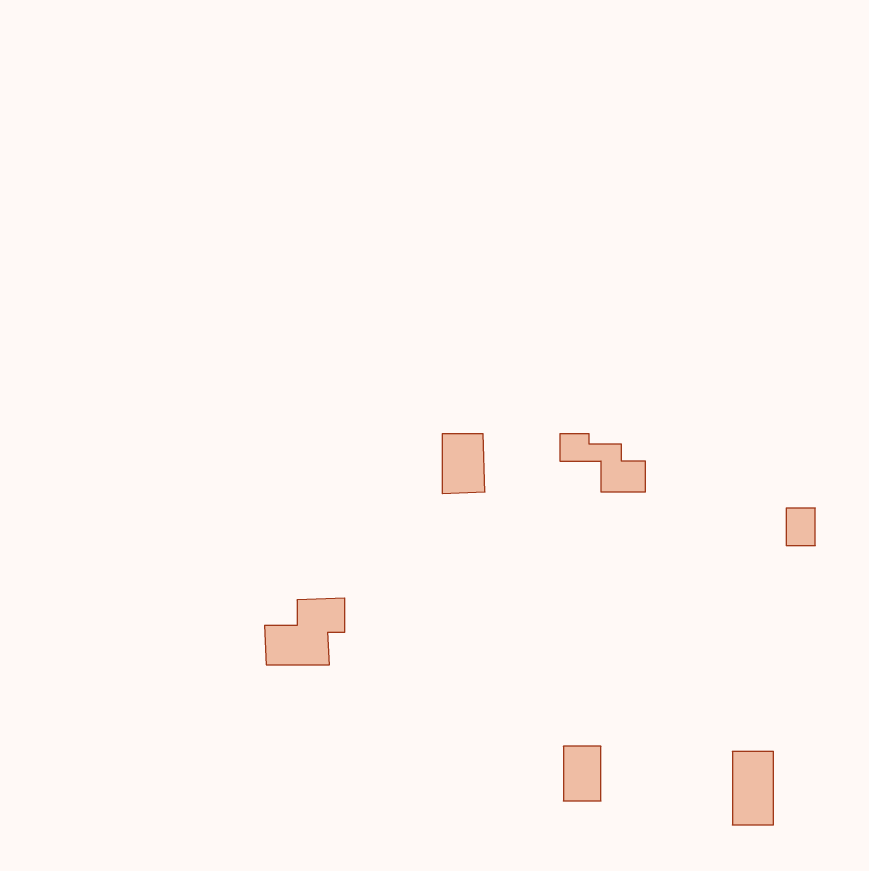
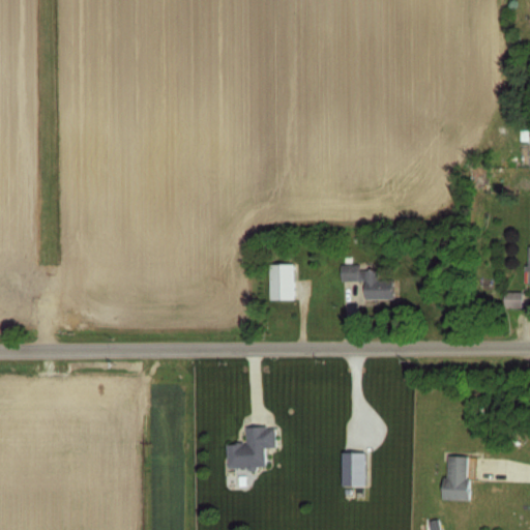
building: [786,508,815,546] -> [503,291,521,314]
building: [265,598,345,665] -> [226,428,274,468]

